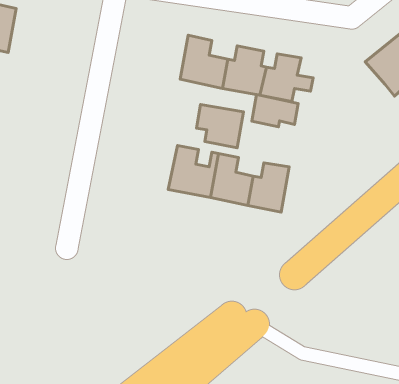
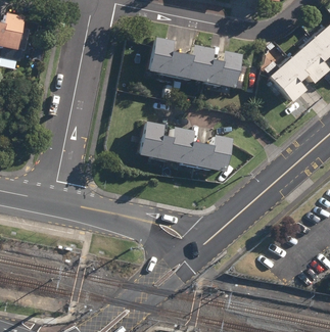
building: none -> [265,59,301,104]
building: [252,94,298,127] -> none
building: [196,105,244,148] -> none

